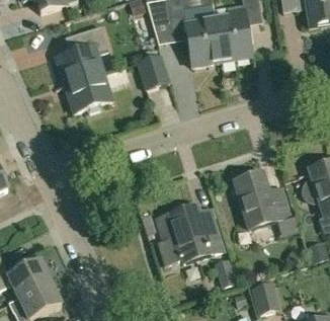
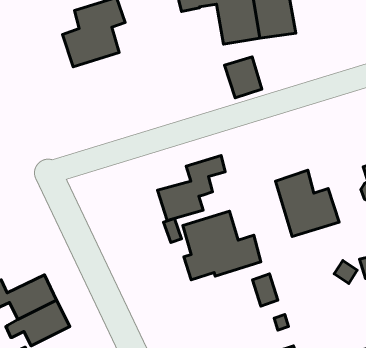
building: [138,54,169,88] -> [224,57,262,98]
building: [65,72,112,111] -> none
building: none -> [158,155,225,220]
building: [251,283,277,312] -> none

